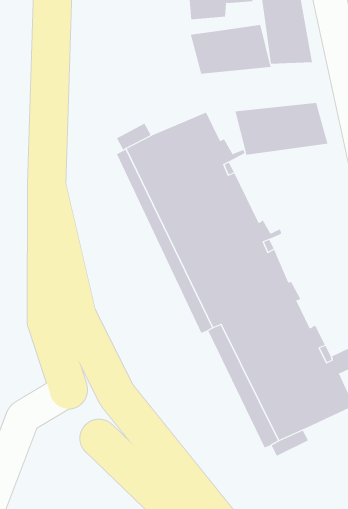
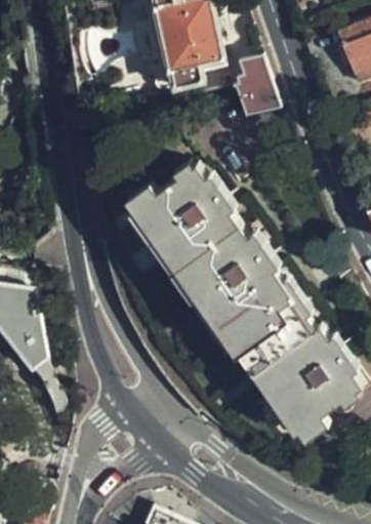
building: [190,24,271,75] -> none
building: [235,102,328,156] -> none

